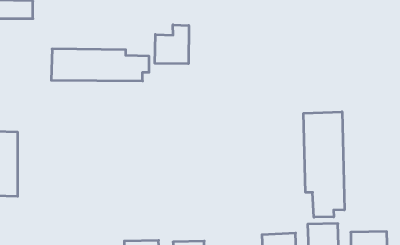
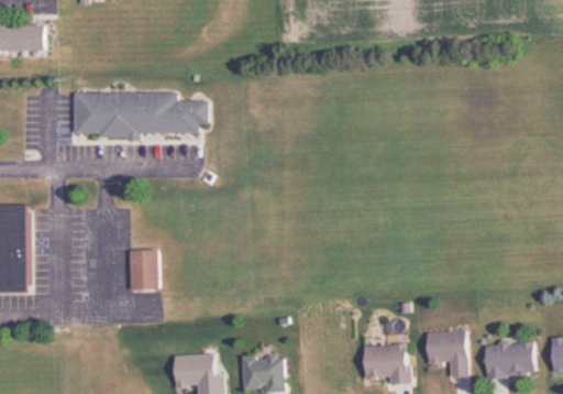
building: [155,25,189,64] -> none
building: [304,112,344,217] -> none
building: none -> [130,249,158,289]

